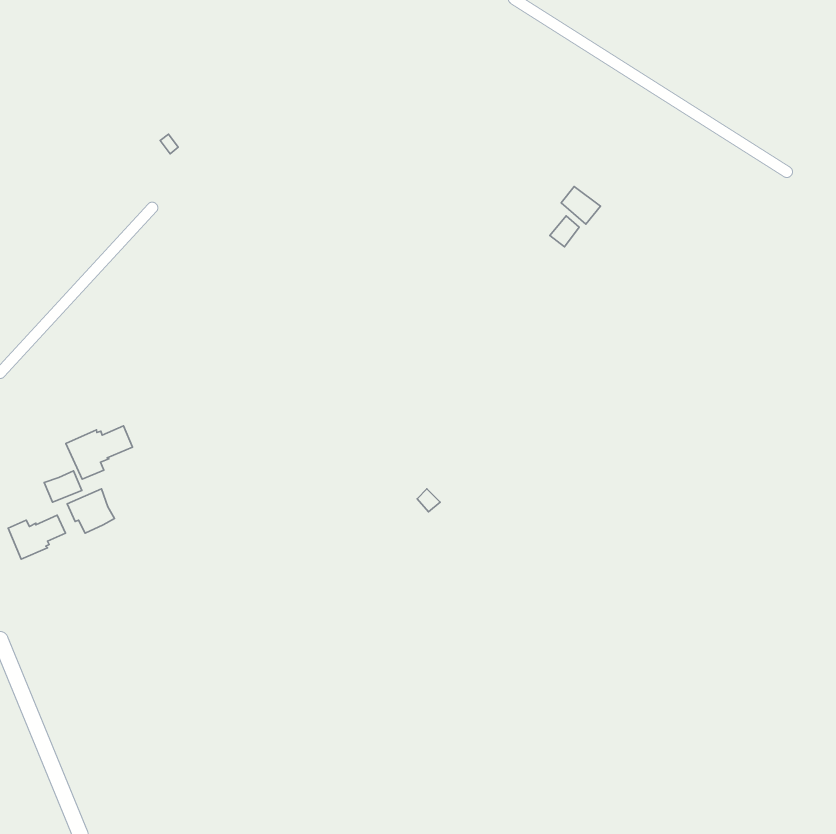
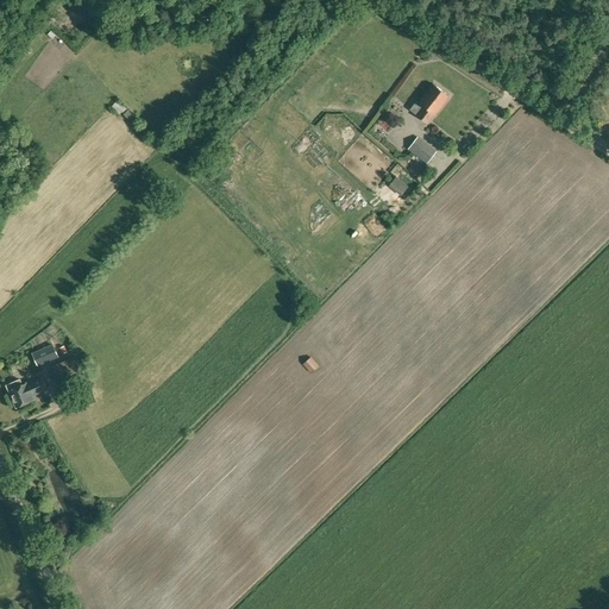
building: none -> [409,83,450,121]
building: [66,426,133,479] -> none

